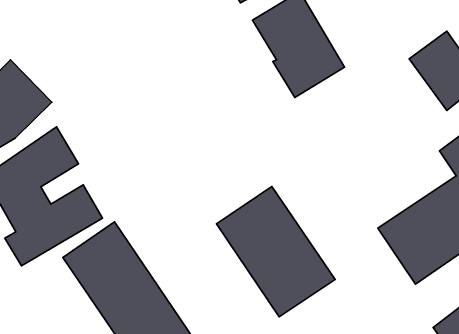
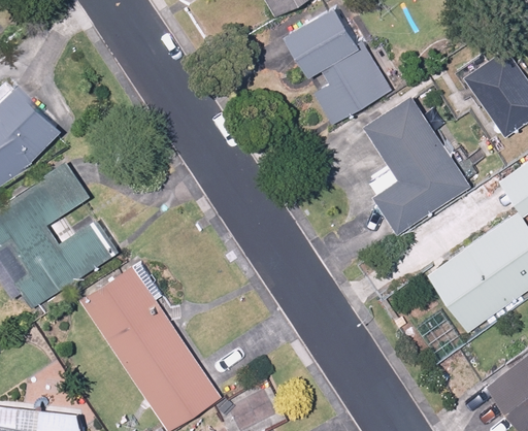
building: none -> [364,93,473,237]
building: [217,186,335,317] -> none

